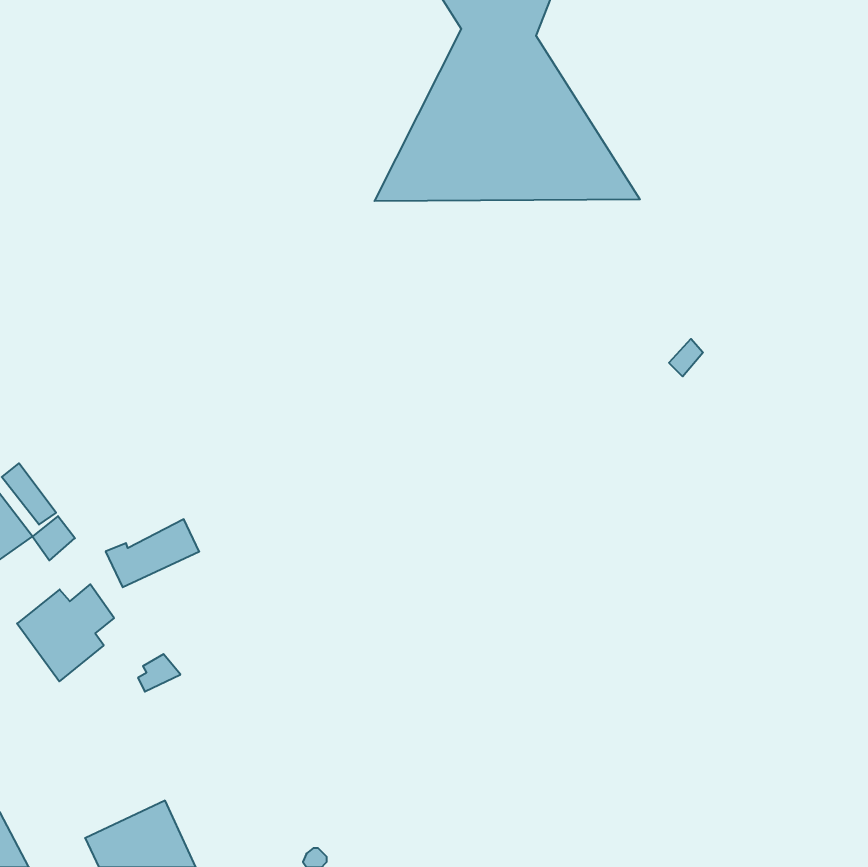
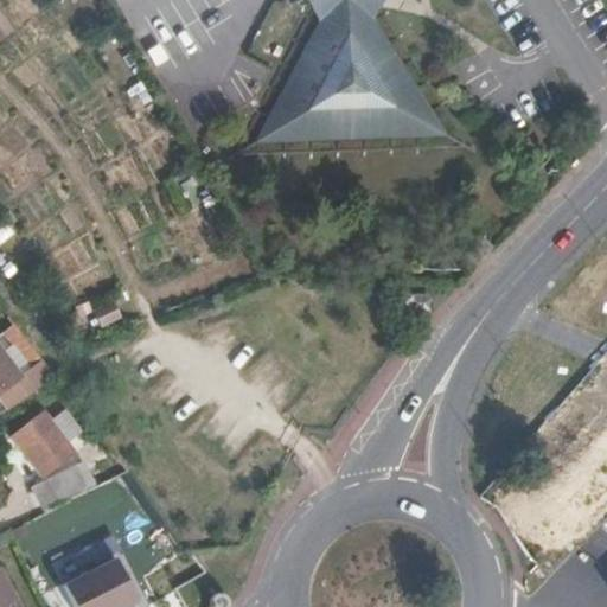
building: [106,519,199,587] -> [31,461,96,509]

